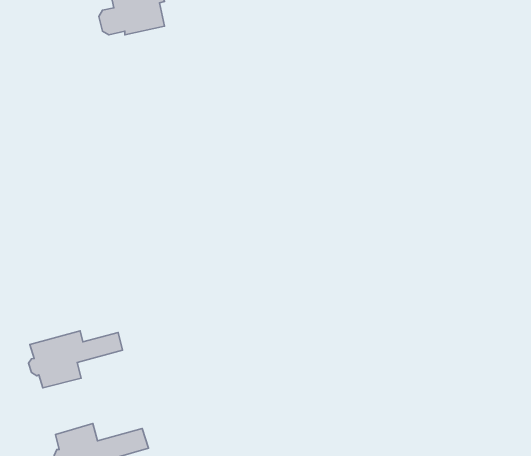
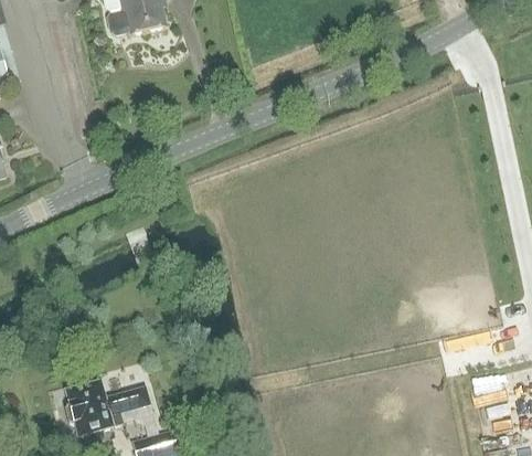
building: [28,331,122,388] -> none

